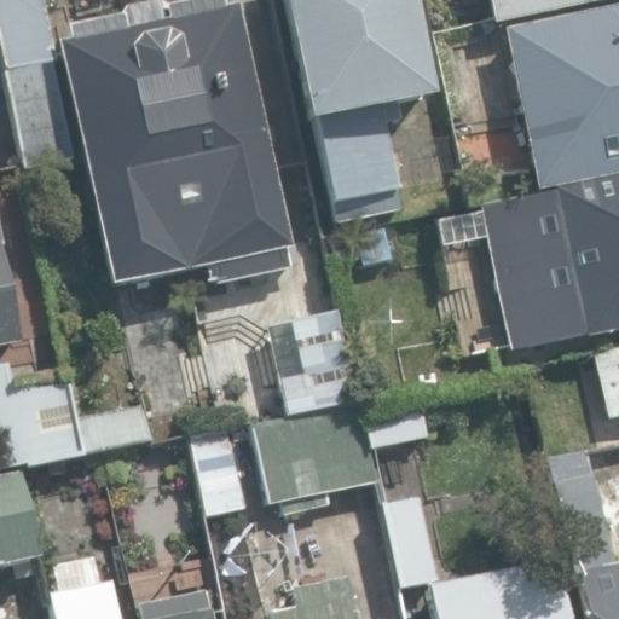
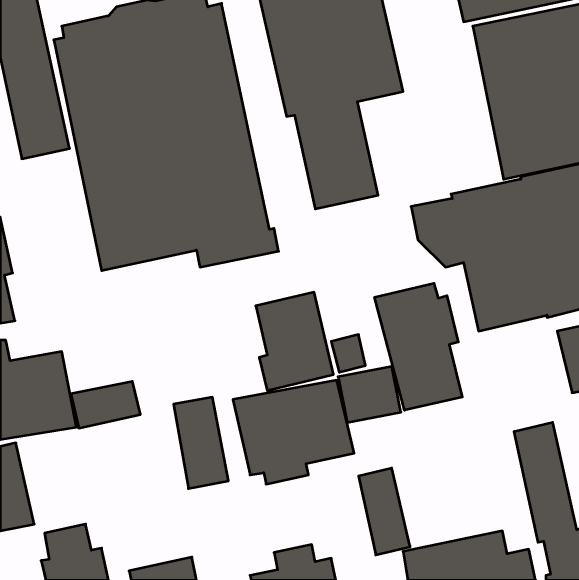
building: none -> [375,283,462,410]

